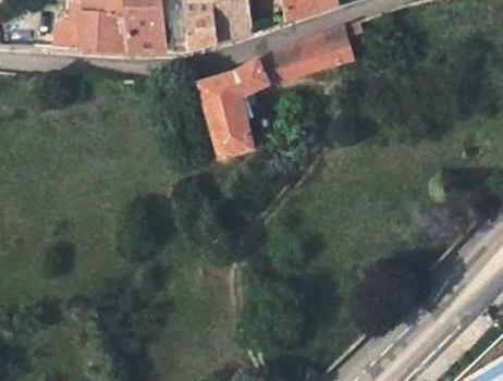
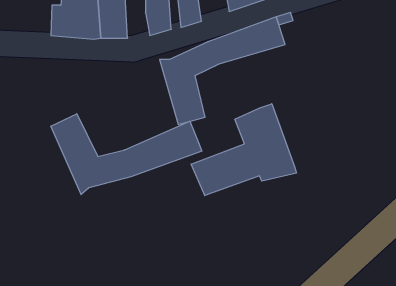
building: none -> [191,104,296,196]
building: none -> [51,114,202,195]

